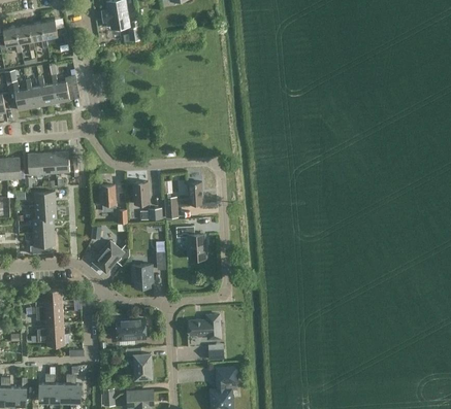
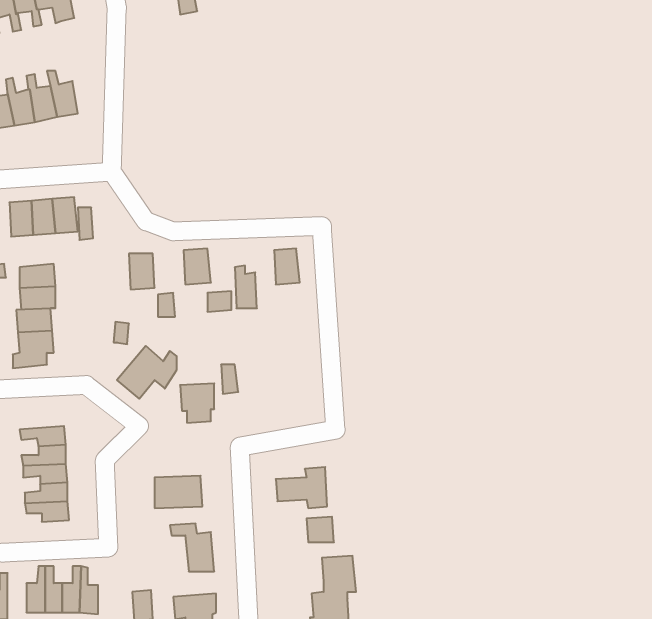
building: [175,226,205,258] -> none

